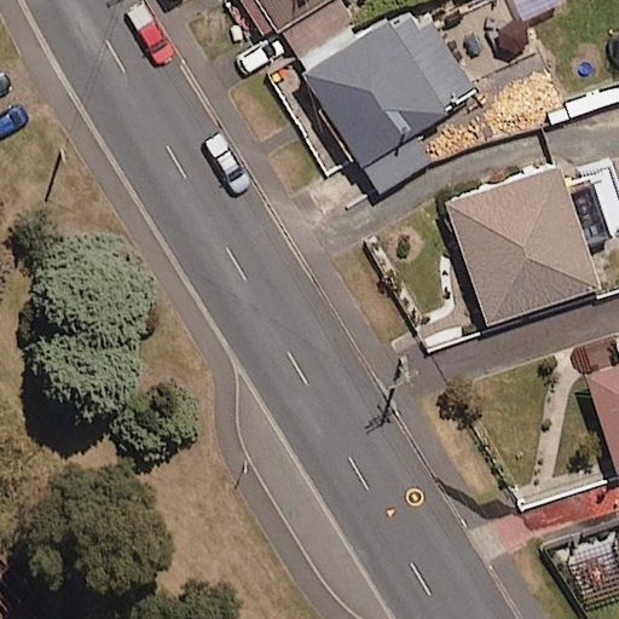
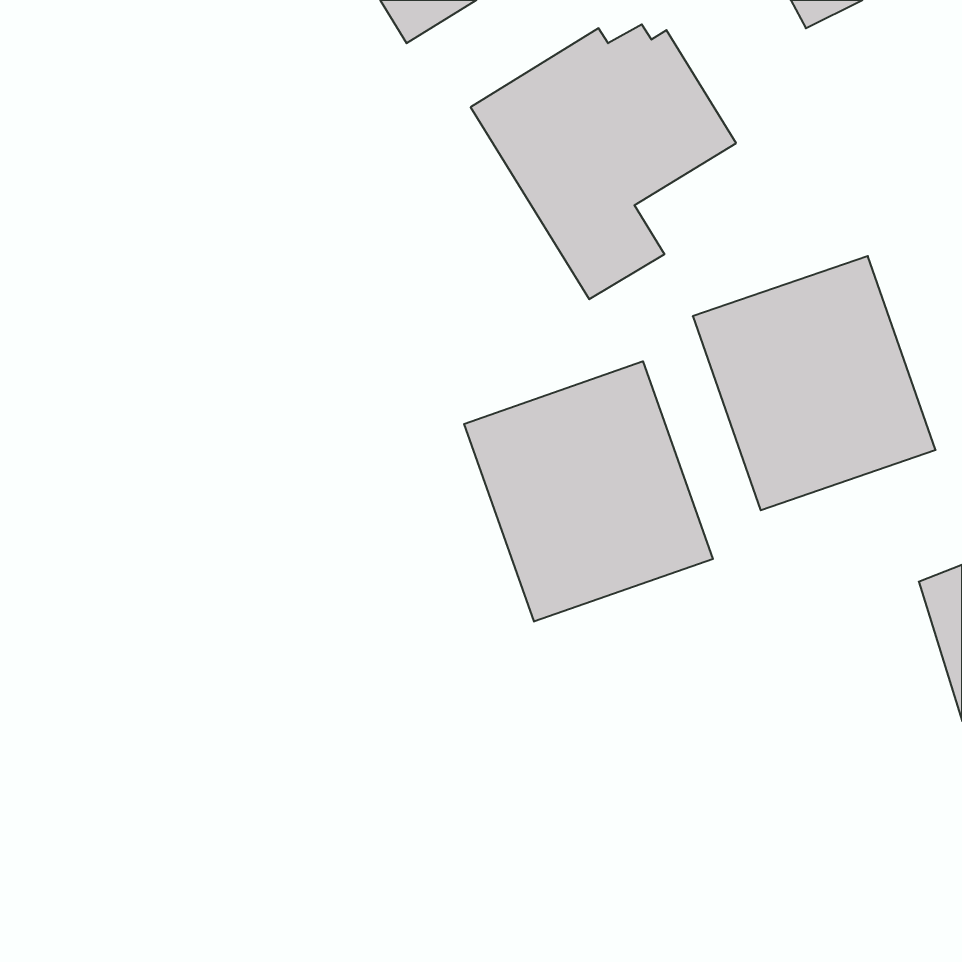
building: none -> [464,361,713,622]

